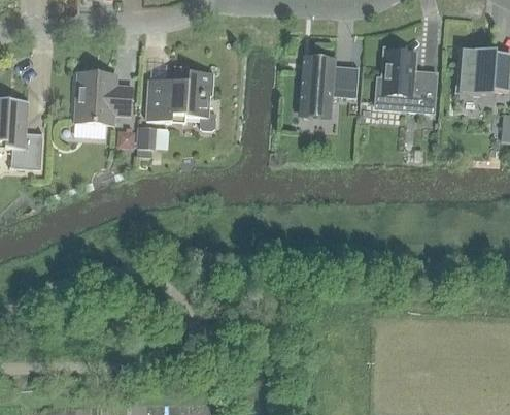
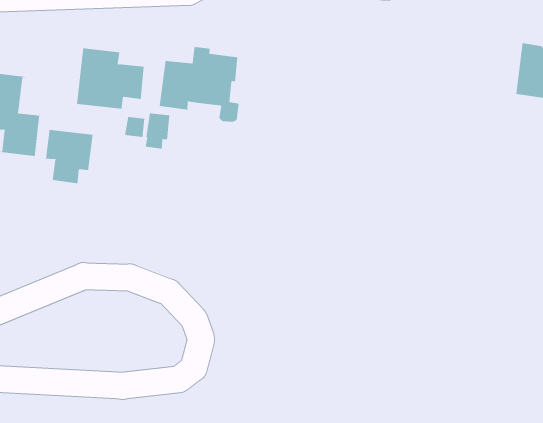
building: [376,47,435,113] -> none
building: [299,56,359,119] -> none
building: none -> [46,129,93,184]

